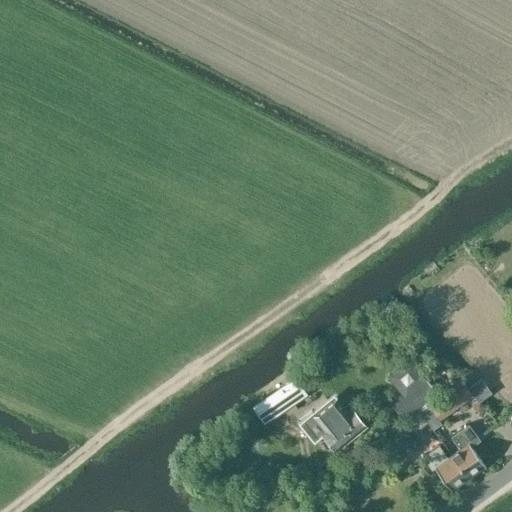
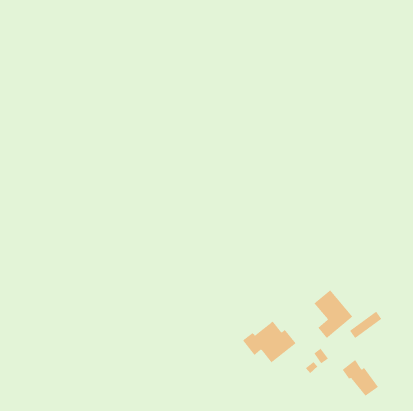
building: [252,377,307,426] -> none
building: [451,426,486,481] -> none

